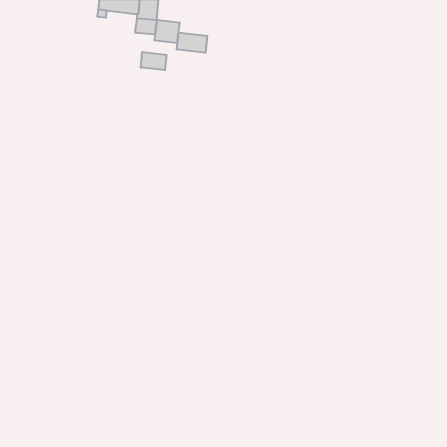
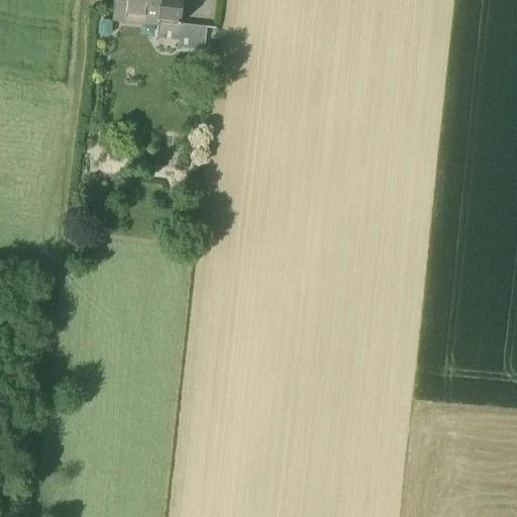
building: [177,33,207,53] -> none
building: [141,52,166,70] -> none

